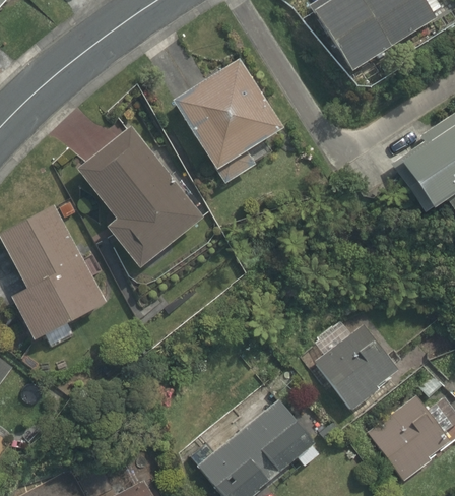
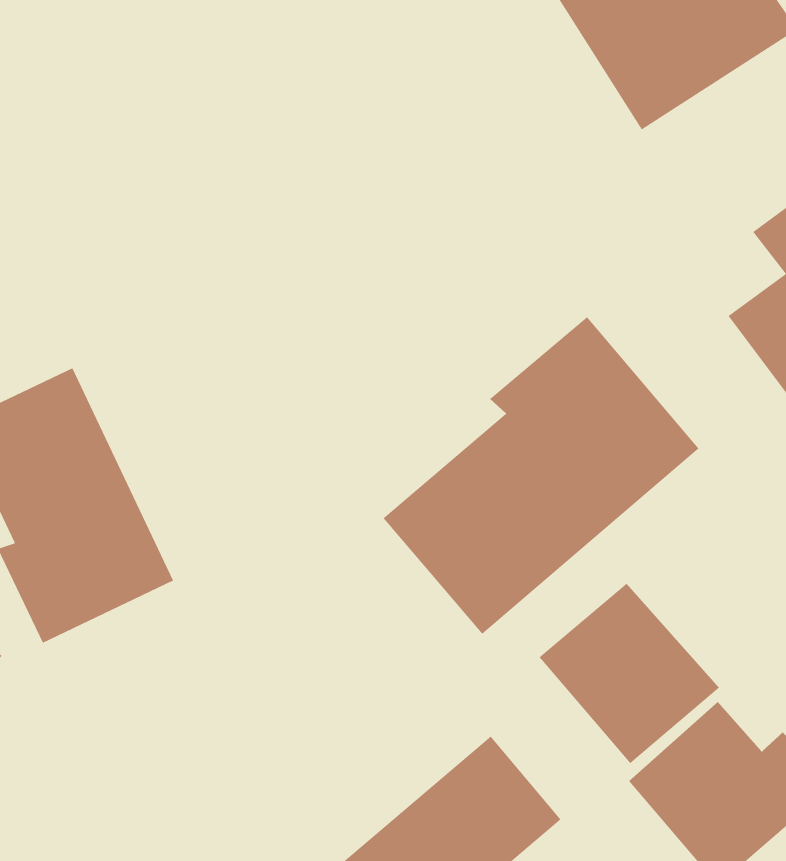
building: [165,50,288,179] -> none
building: [77,126,212,283] -> none
building: none -> [383,316,700,635]

